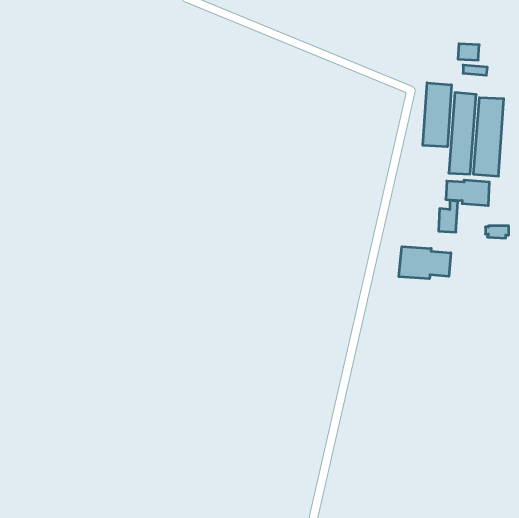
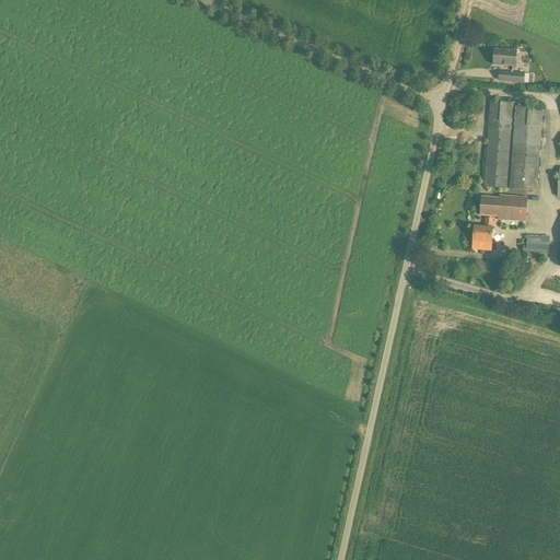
building: [423,83,451,147] -> none
building: [399,247,451,279] -> none

